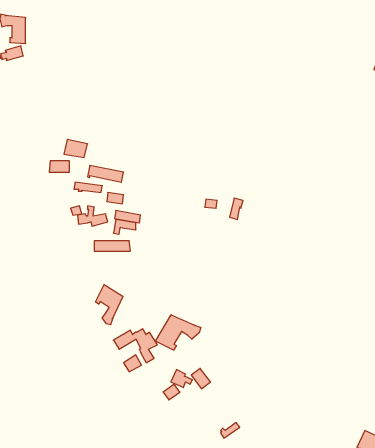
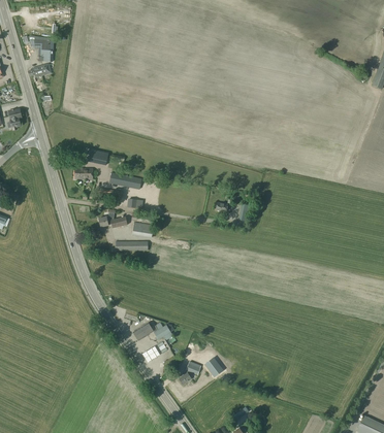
building: [95,284,123,325] -> none
building: [155,315,201,350] -> none

